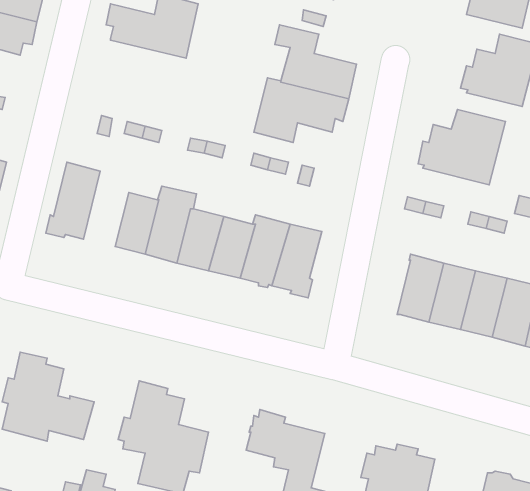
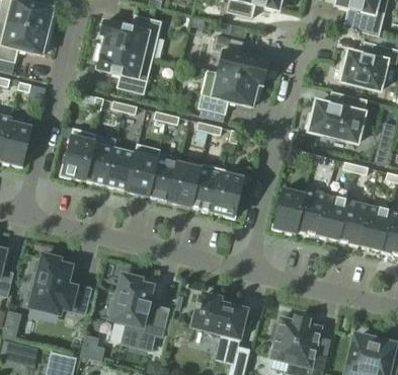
building: none -> [93,43,153,93]
building: none -> [84,133,116,183]
building: none -> [271,188,304,233]

